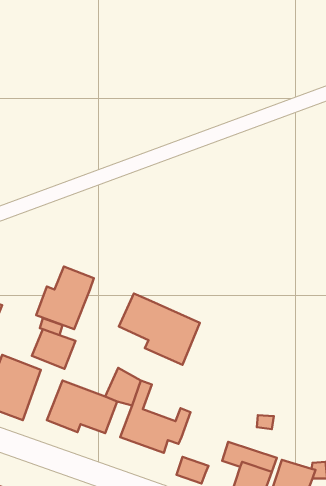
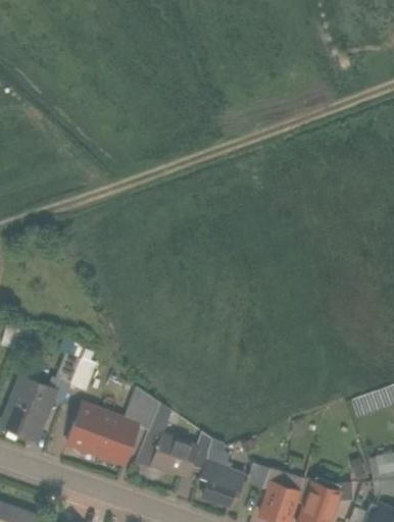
building: [36,267,94,329] -> none
building: [119,294,200,365] -> none
building: none -> [199,460,246,500]

